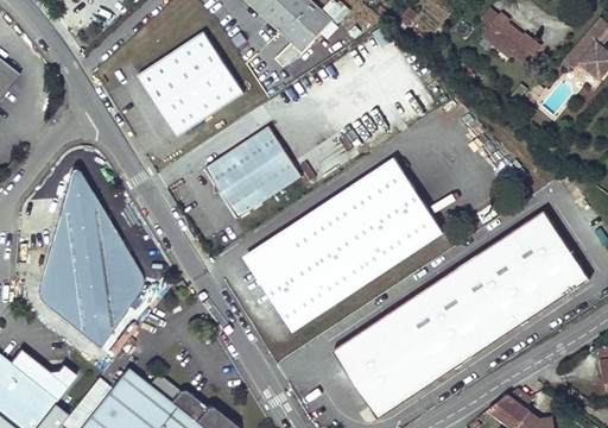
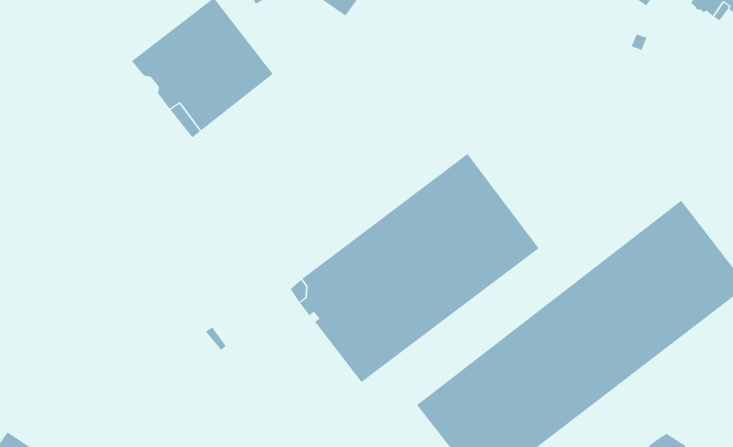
building: [205,125,300,216] -> none
building: [38,168,142,345] -> none

